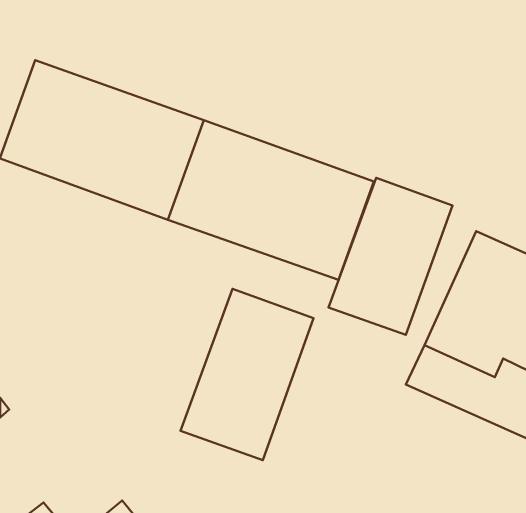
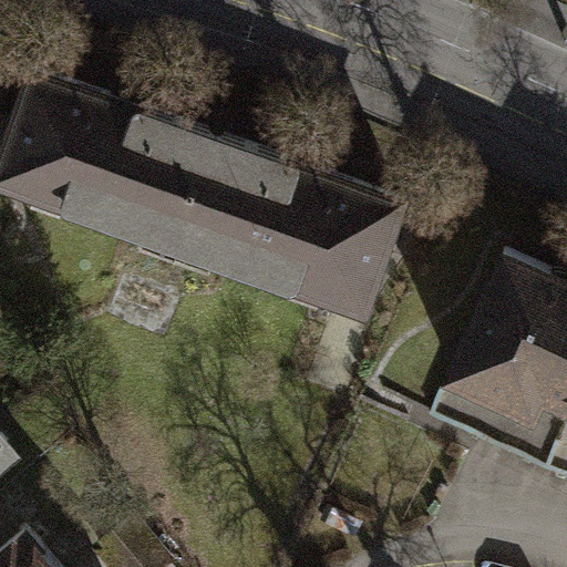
building: [328,178,452,335] -> none
building: [180,289,314,460] -> none

